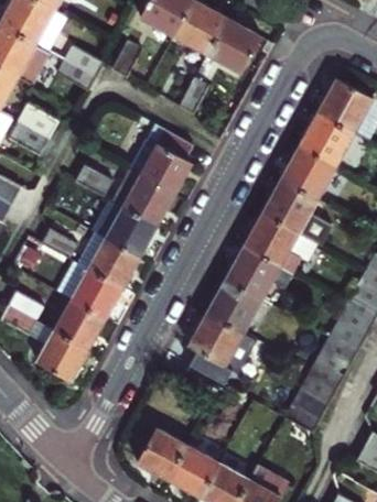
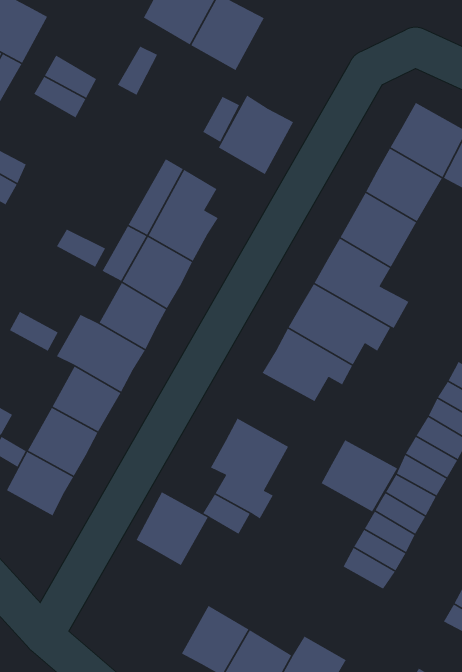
building: [205,20,260,78] -> [218,95,294,175]
building: [206,276,262,329] -> [321,439,398,512]
building: [132,425,185,479] -> [136,491,209,566]

